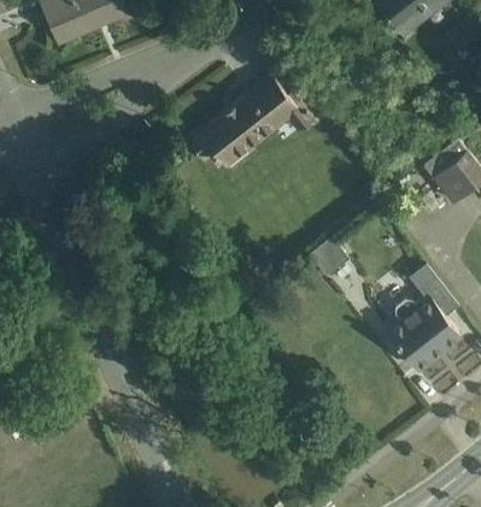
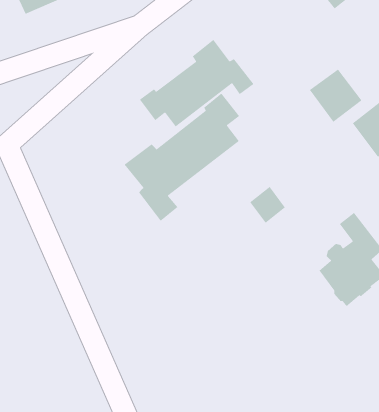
building: none -> [309,69,363,123]
building: none -> [124,93,240,222]

